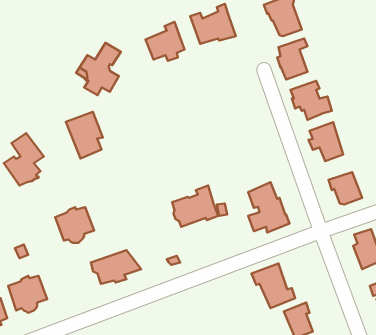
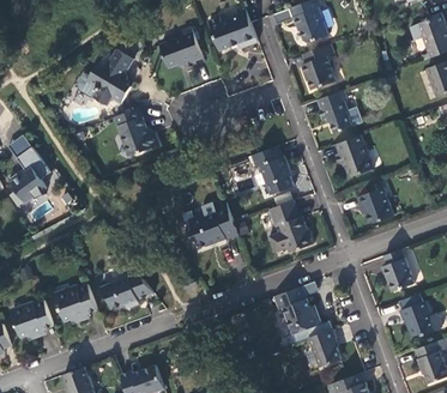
building: [66,112,103,159] -> [114,105,153,156]
building: none -> [252,145,292,194]
building: [55,207,94,243] -> [55,284,97,322]

